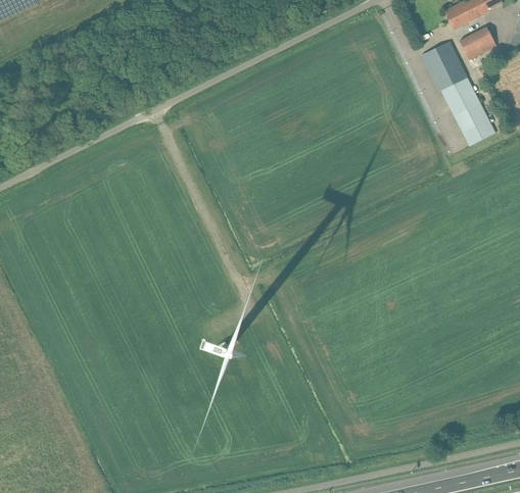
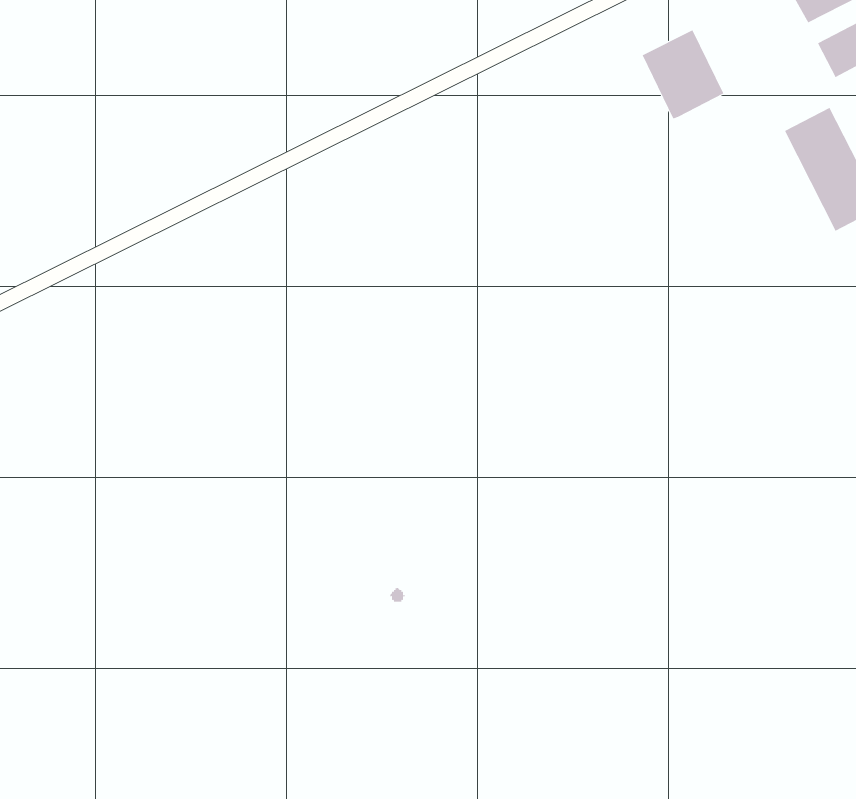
building: [420,40,466,90] -> [642,30,724,119]

